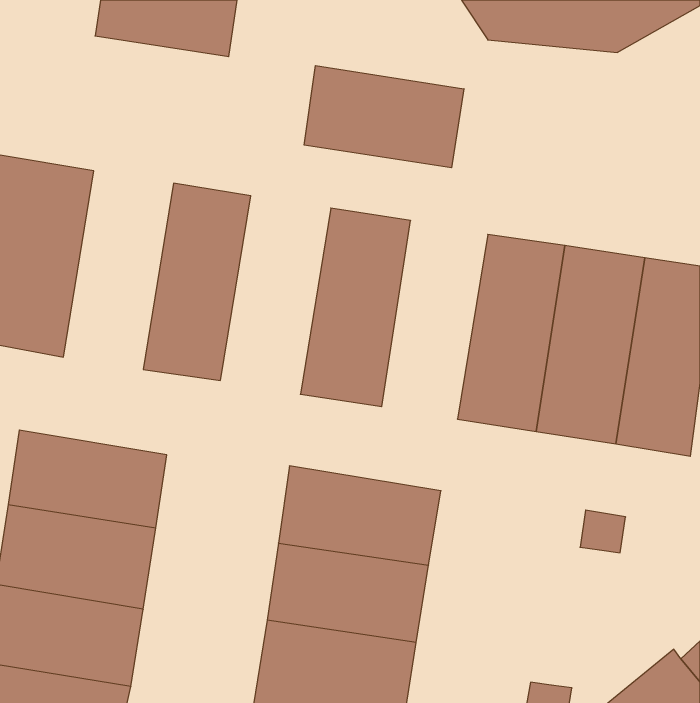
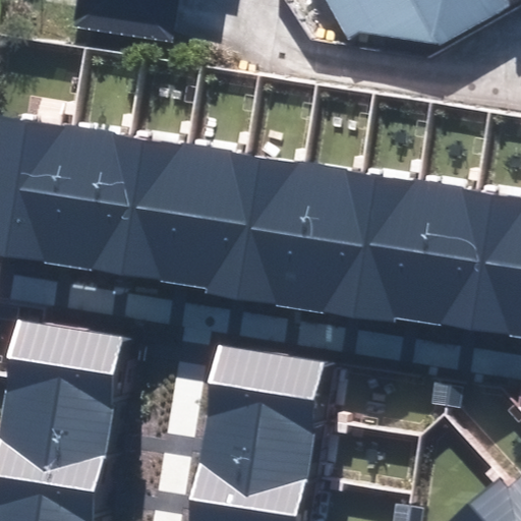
building: [304,66,464,168] -> none
building: none -> [47,127,128,274]
building: none -> [163,146,244,292]
building: none -> [282,164,360,310]

